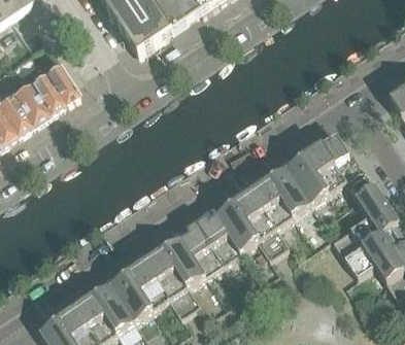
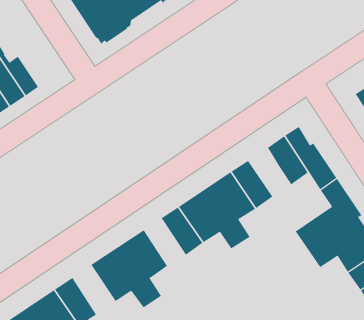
building: [286,152,329,201] -> none
building: [182,222,224,270] -> none
building: [111,269,154,318] -> none

